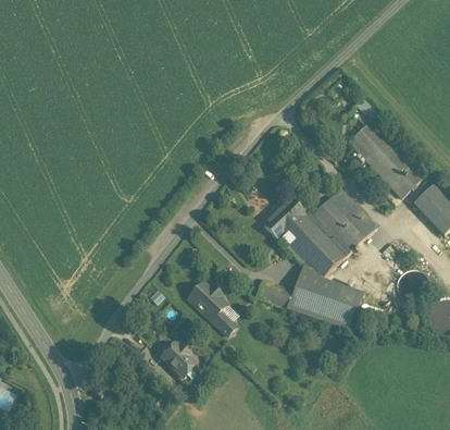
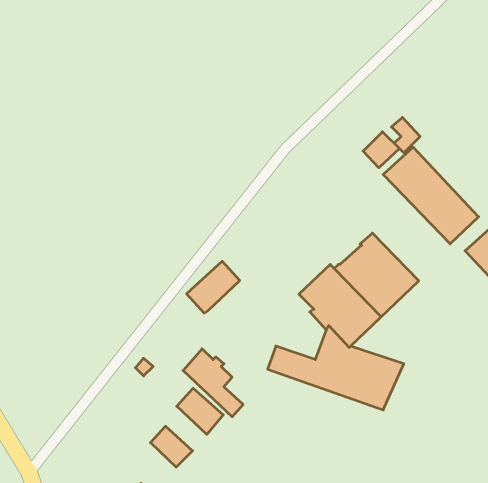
building: none -> [363,132,400,168]
building: [262,198,304,239] -> [187,261,240,313]
building: none -> [177,388,223,434]

